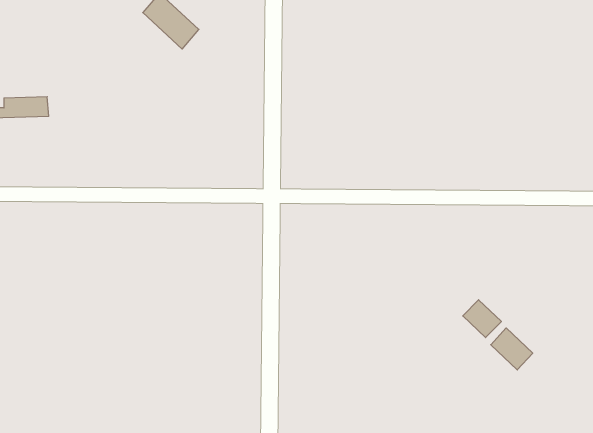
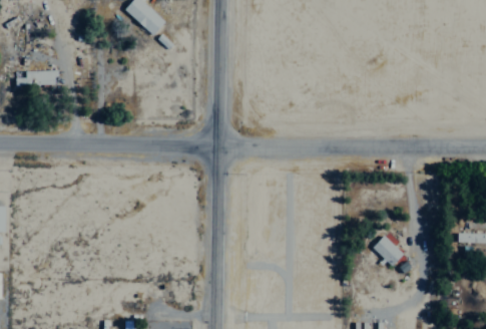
building: [463,300,501,338] -> none

